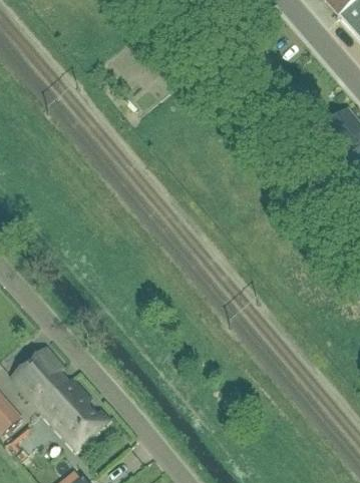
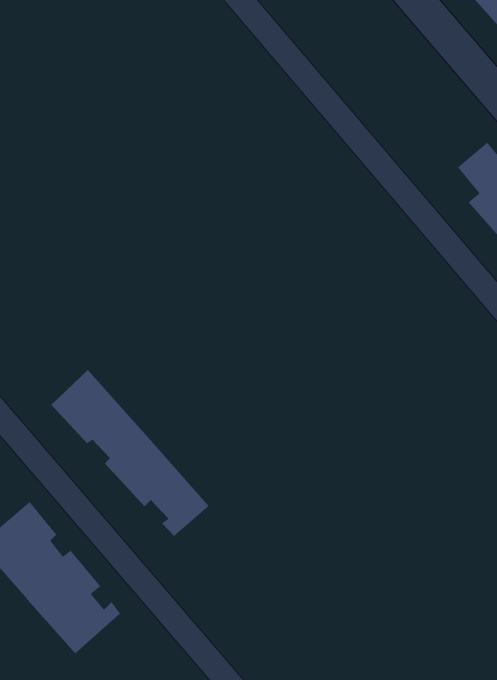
building: none -> [50,369,210,537]

